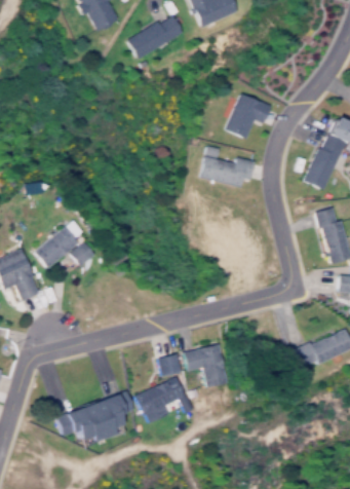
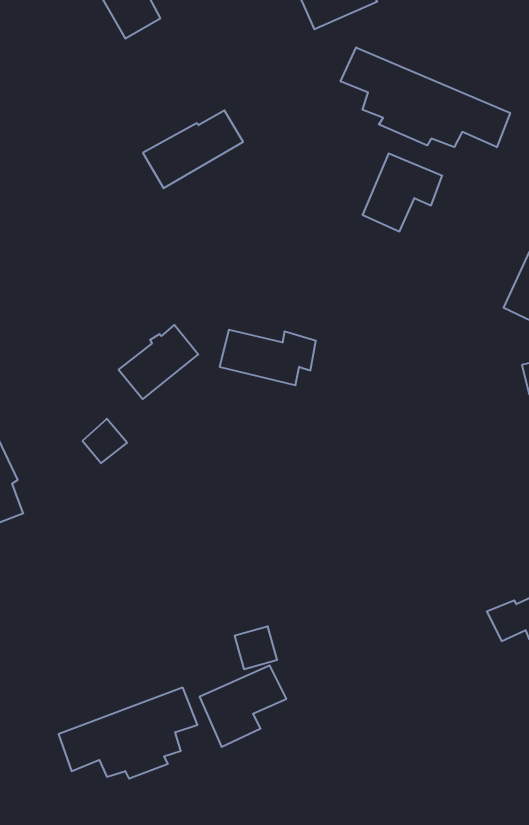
building: [125,15,181,59] -> [143,110,243,188]
building: none -> [341,47,510,147]
building: [201,156,255,187] -> [220,330,316,385]
building: [36,227,80,268] -> [119,325,198,399]
building: [186,344,227,386] -> none

